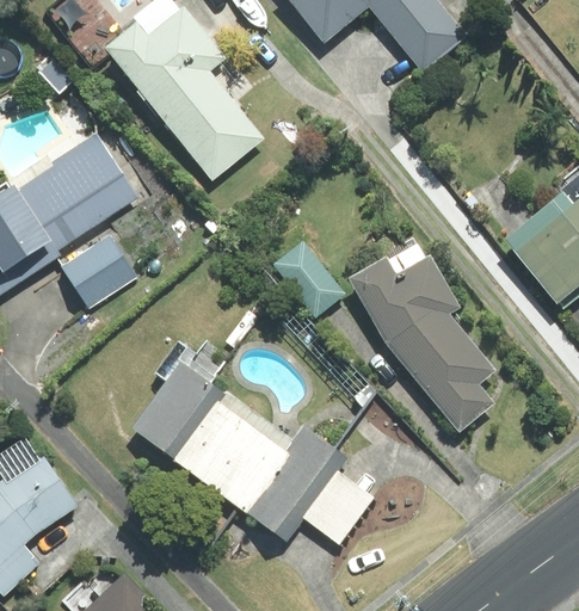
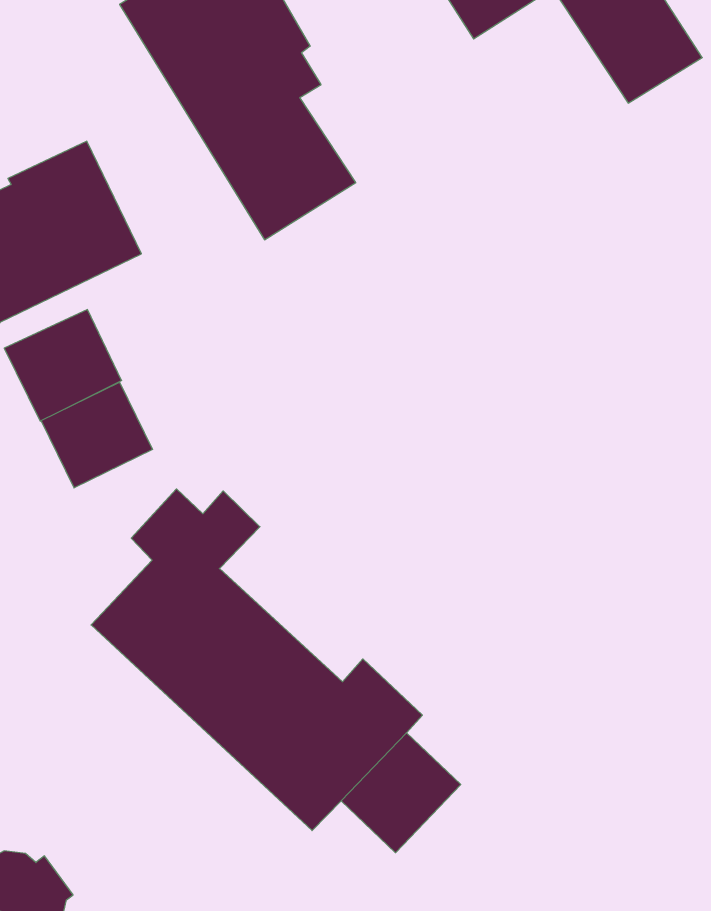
building: [350,239,492,431] -> none
building: [275,242,343,315] -> none
building: none -> [41,382,152,488]

